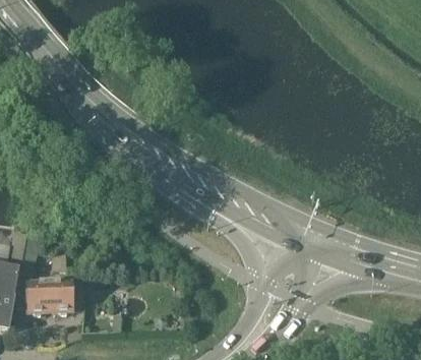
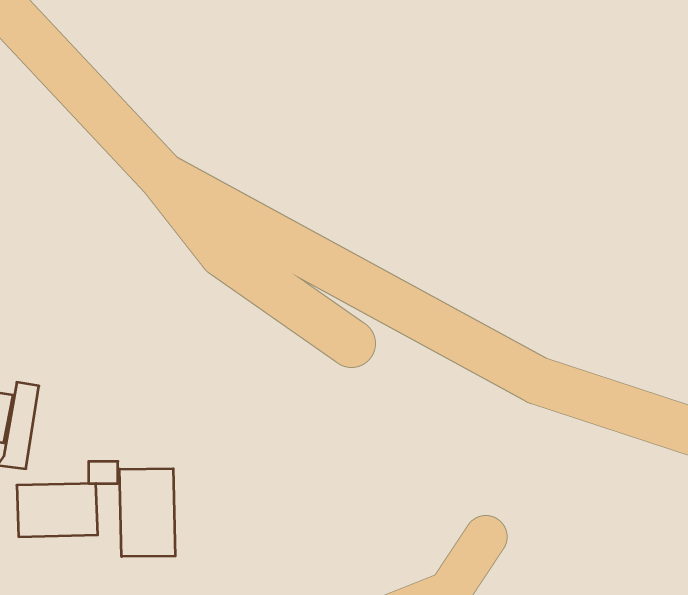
building: none -> [120,469,175,557]

